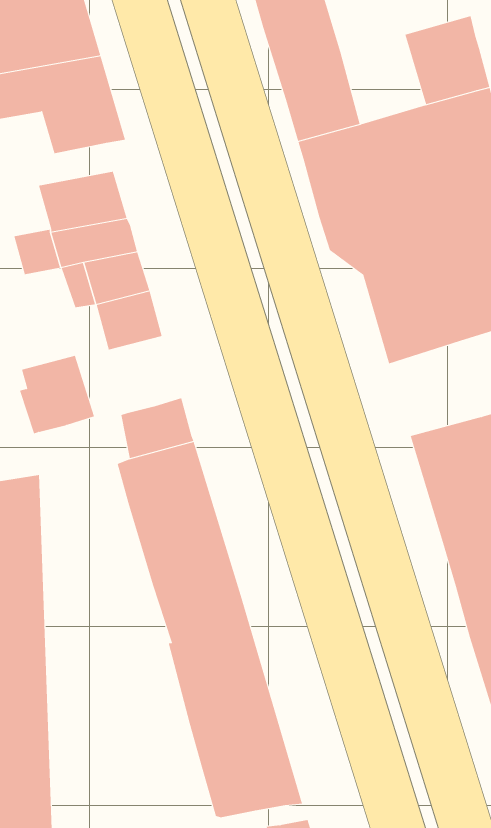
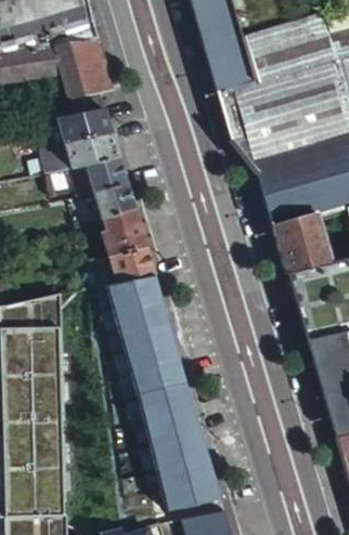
building: none -> [247,25,299,80]
building: none -> [276,214,334,273]
building: [19,355,95,434] -> [102,211,148,260]

